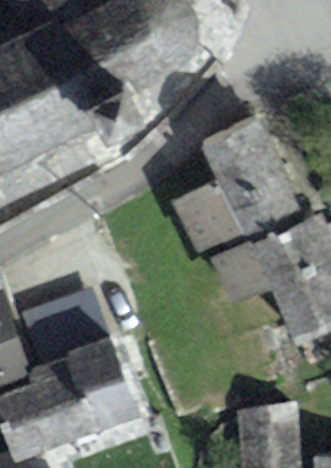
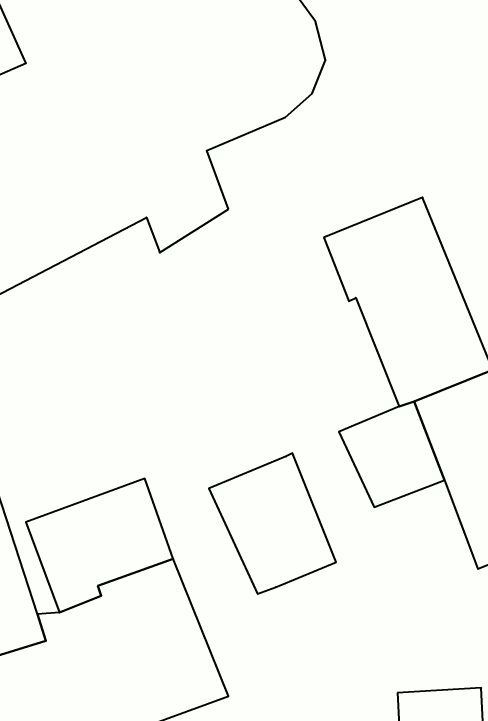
building: [170,180,246,264] -> [209,453,336,594]

